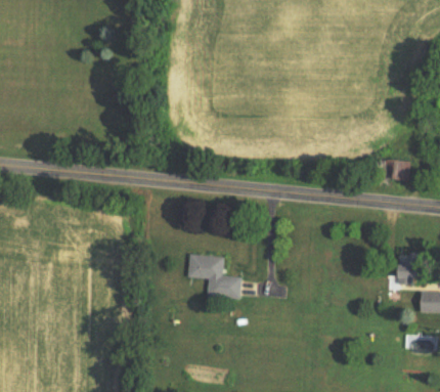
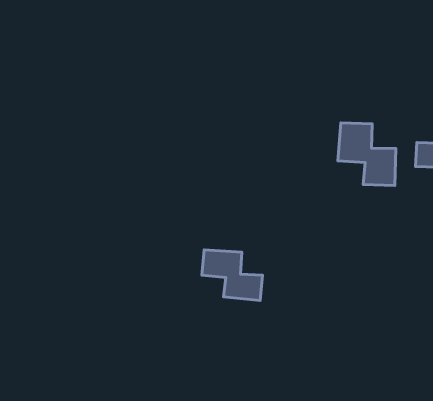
building: none -> [338,123,396,186]

